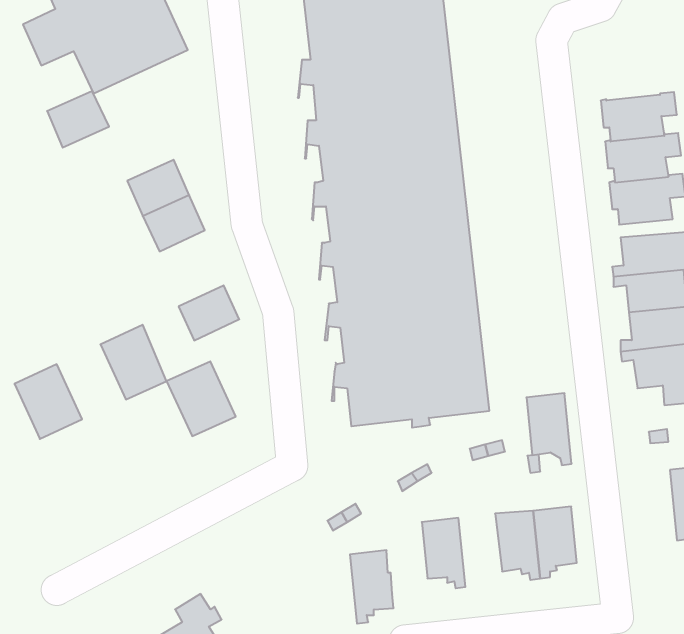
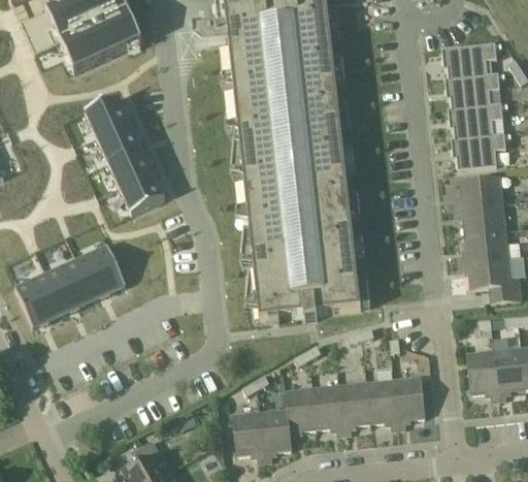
building: none -> [441,42,497,78]
building: [47,91,109,148] -> [87,96,132,137]
building: [179,285,239,340] -> [122,173,166,214]
building: [167,361,236,436] -> [46,257,97,312]
building: [526,393,572,465] -> [467,349,500,401]
building: none -> [340,381,372,435]
building: none -> [286,387,318,440]
building: none -> [233,411,266,462]

